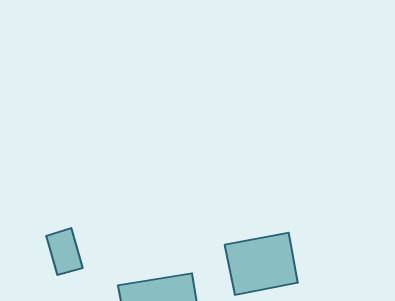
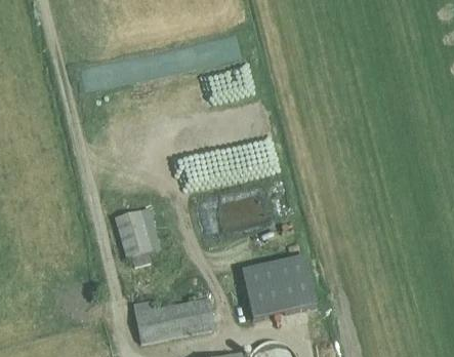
building: [46,228,83,275] -> [113,208,150,255]

